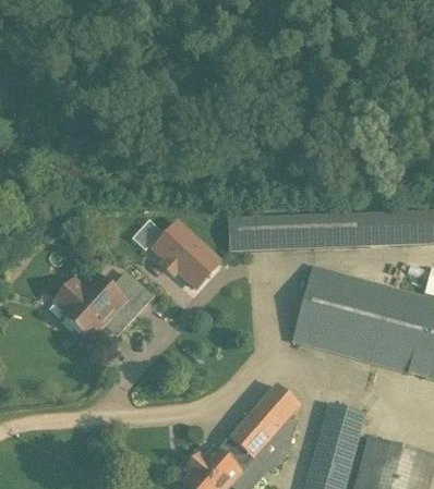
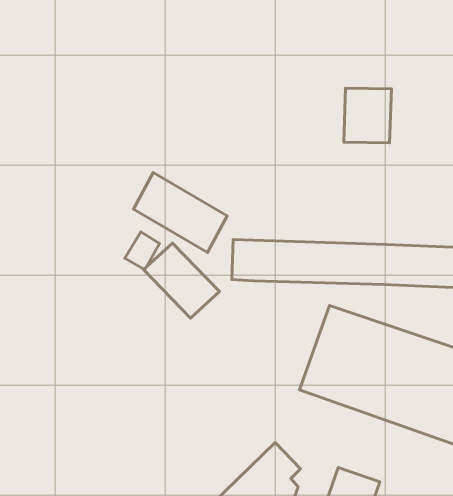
building: none -> [344,88,391,143]
building: none -> [134,173,227,252]
building: [57,271,152,338] -> none

